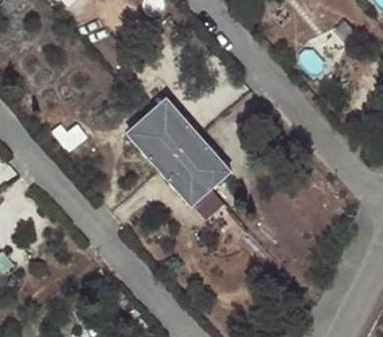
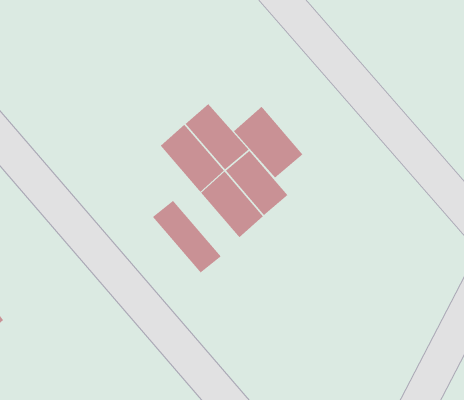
building: none -> [233,106,303,179]
building: none -> [152,200,222,274]

